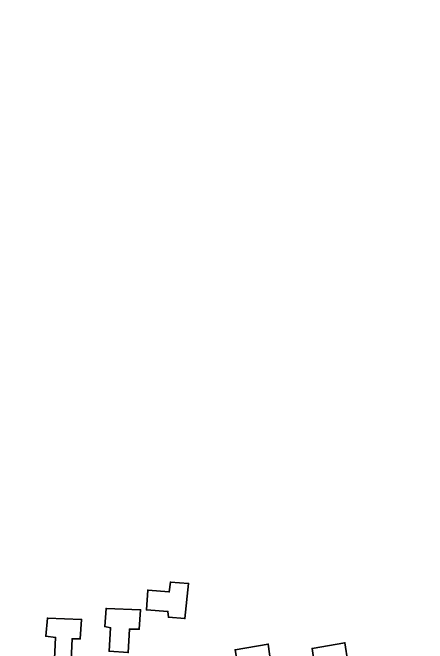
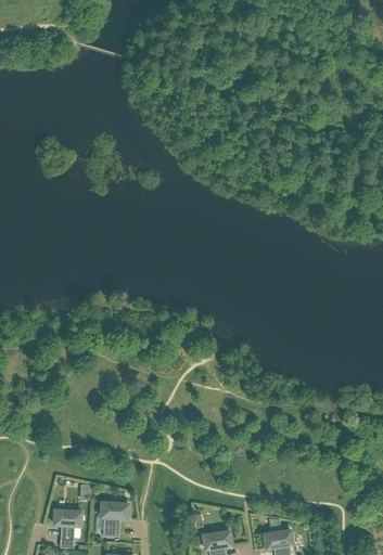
building: [146,582,188,618] -> none

